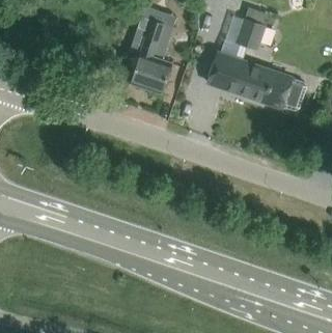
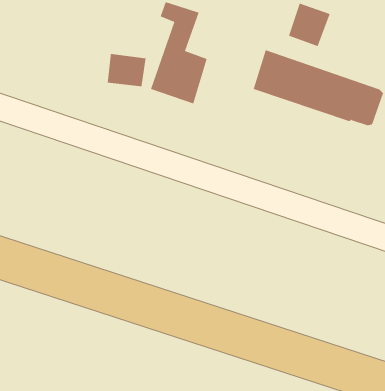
building: none -> [107,53,146,87]

